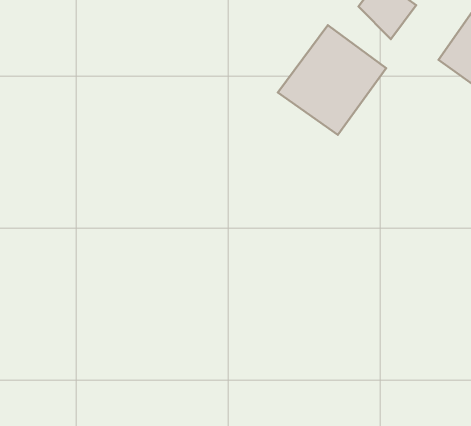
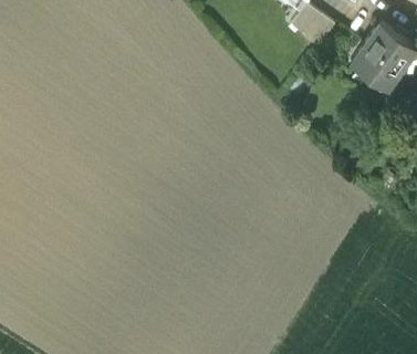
building: [278,25,386,135] -> none

